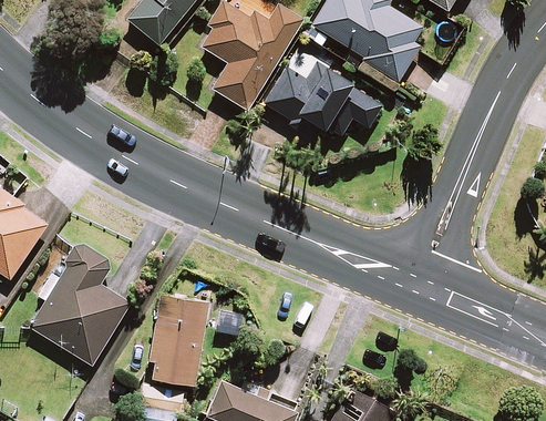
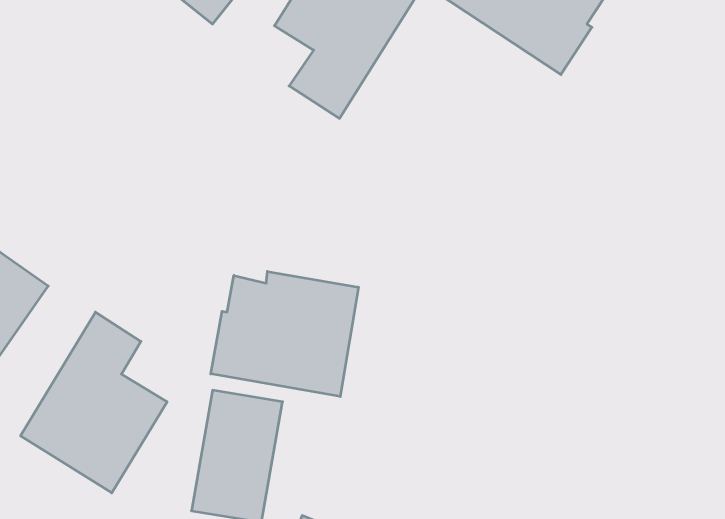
building: [262,63,382,137] -> none
building: none -> [211,271,358,397]

